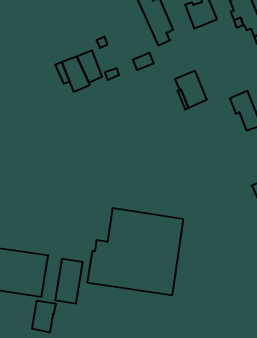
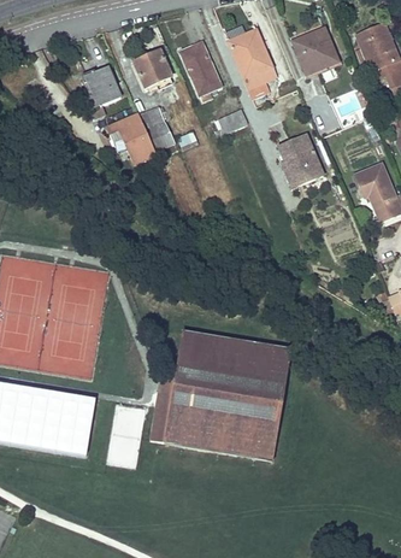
building: none -> [181,47,219,100]
building: none -> [134,51,171,88]
building: none -> [84,66,120,118]
building: [32,301,56,332] -> none

